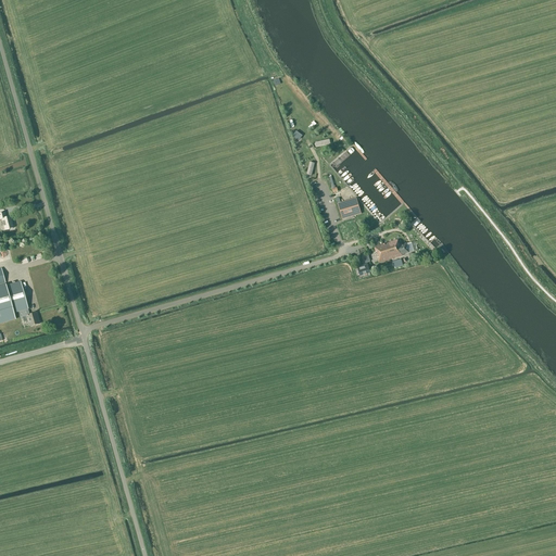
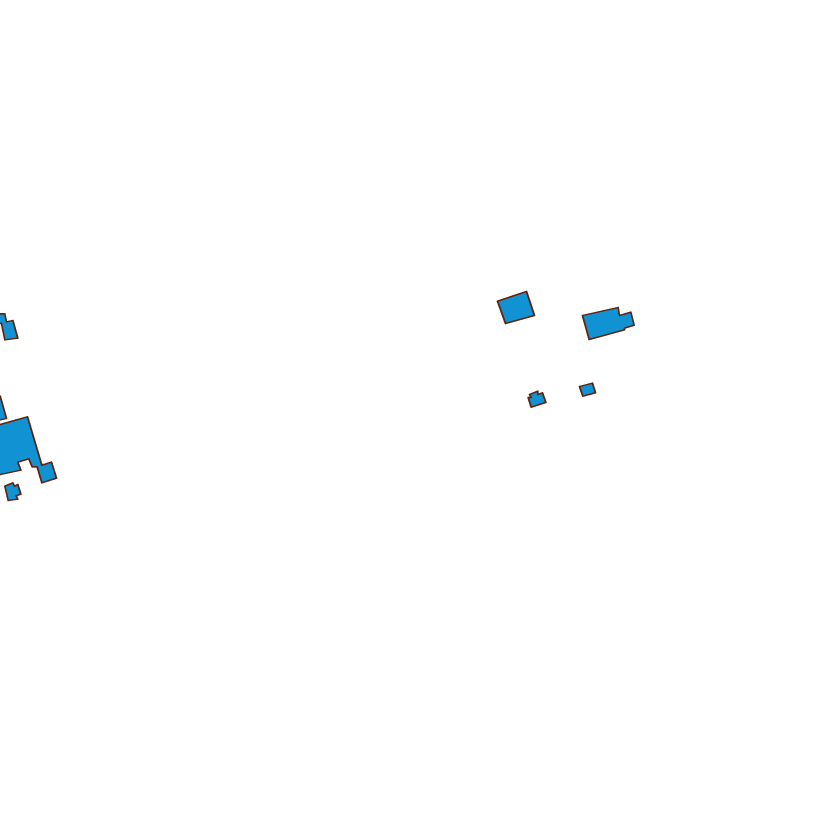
building: [372,240,407,262] -> [583,307,634,340]

